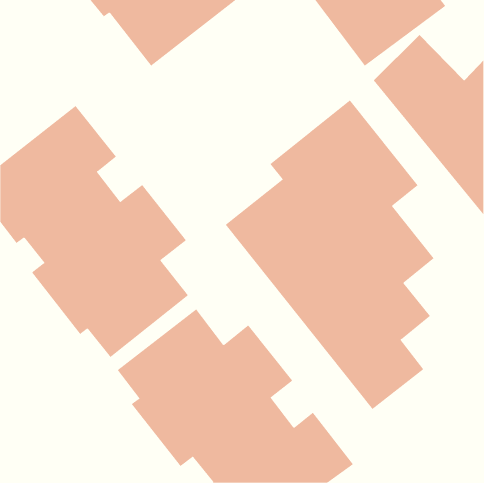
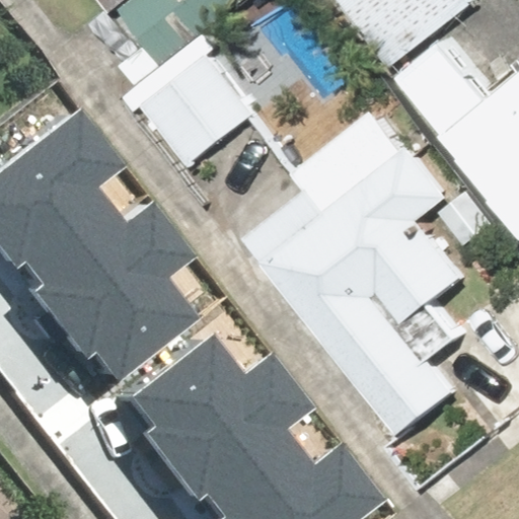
building: none -> [142,59,251,166]

